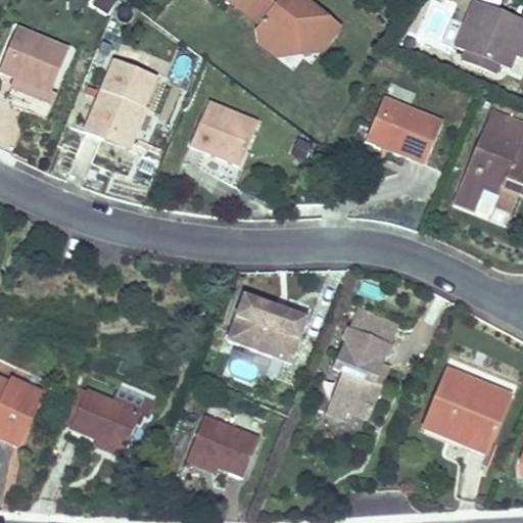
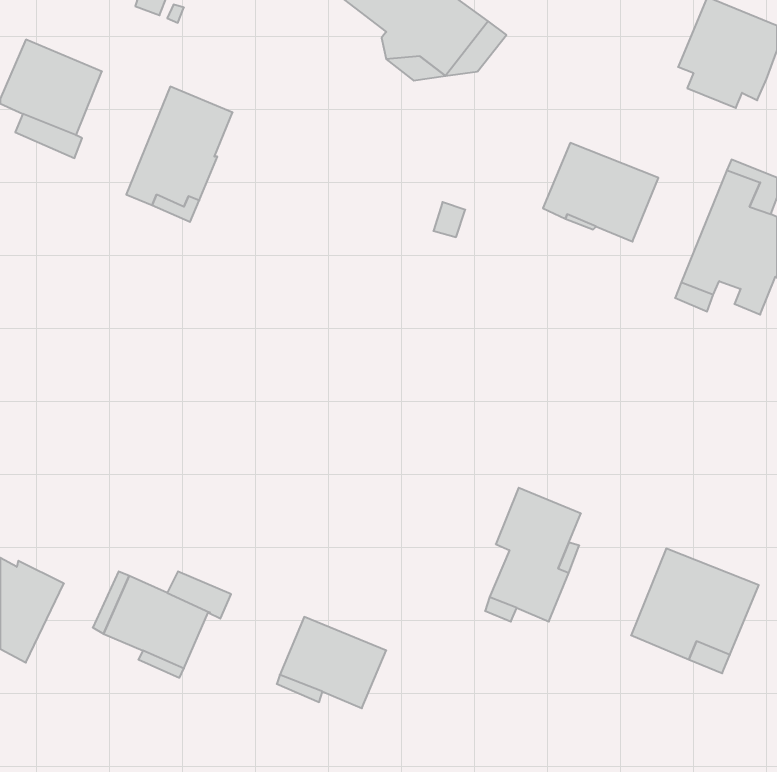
building: [189,99,258,165] -> none
building: [227,292,307,363] -> none
building: [348,307,398,345] -> none

